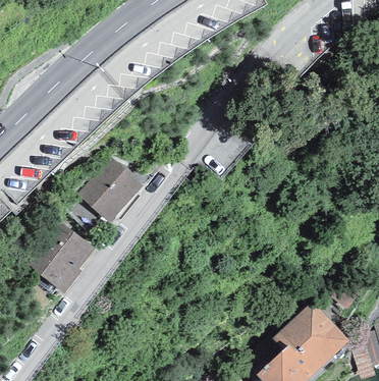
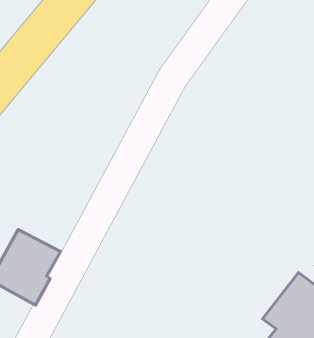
building: [77,159,143,224] -> none

